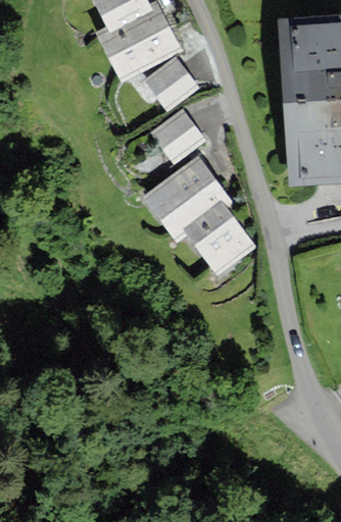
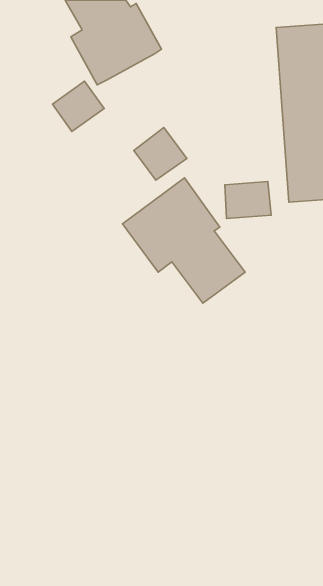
building: [147,60,193,105] -> [52,81,104,132]
building: none -> [225,181,271,218]

